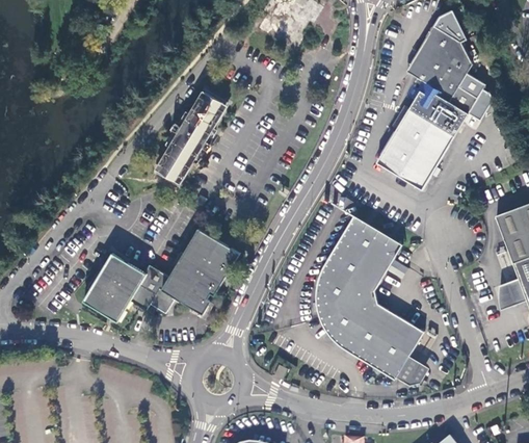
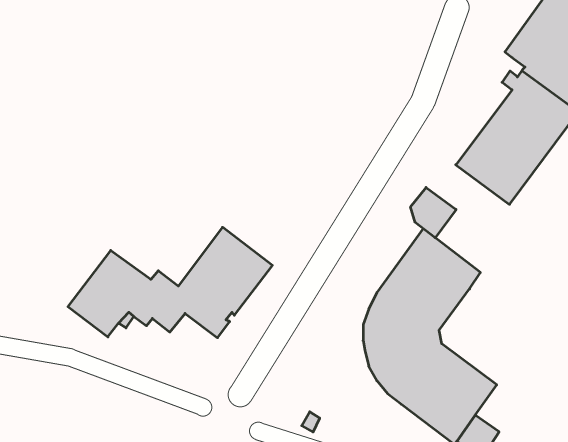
building: [158,90,224,183] -> none
building: none -> [411,187,456,238]

